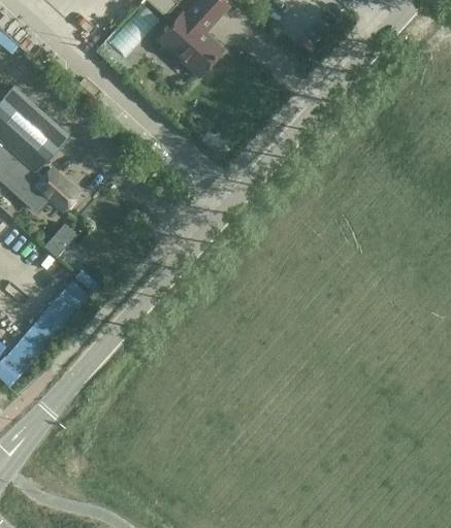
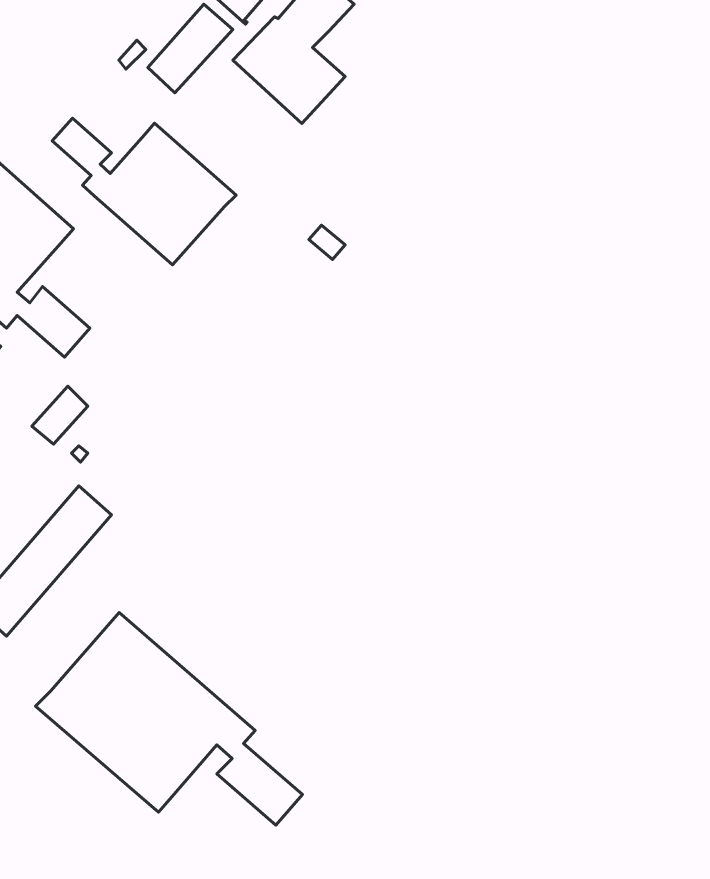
building: none -> [52,118,236,265]
building: none -> [35,613,303,825]

